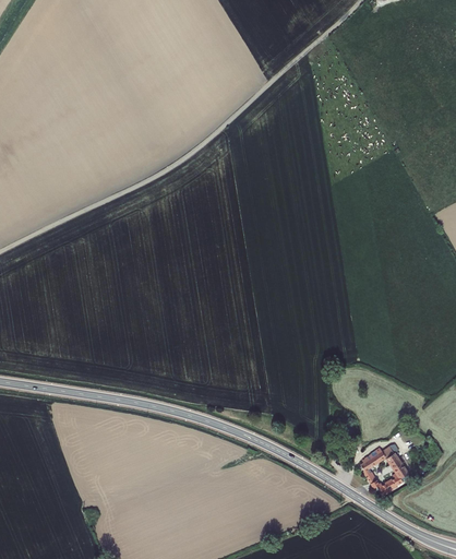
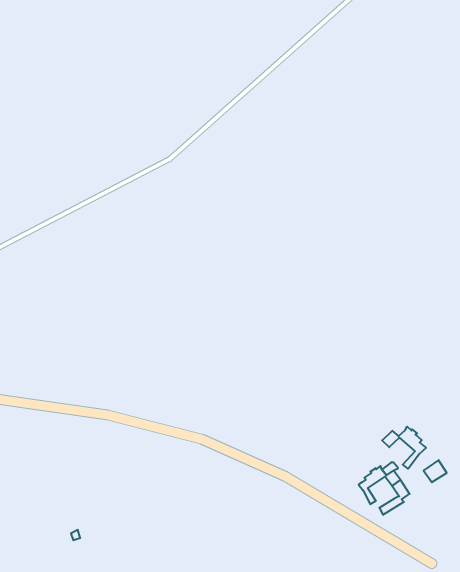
building: none -> [382,427,426,469]

